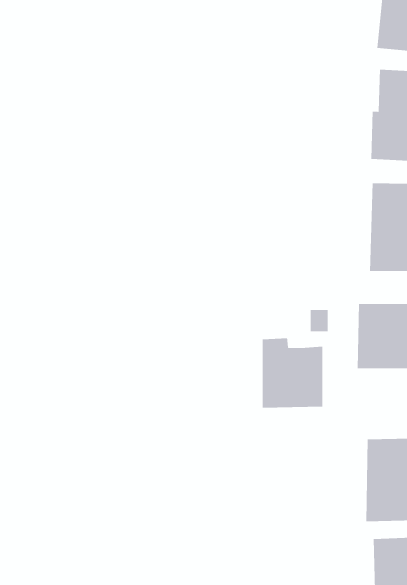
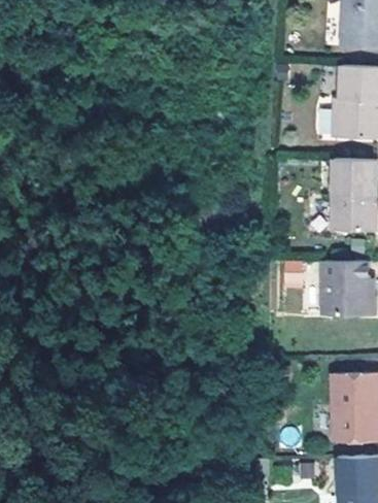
building: [262,337,323,408] -> none

